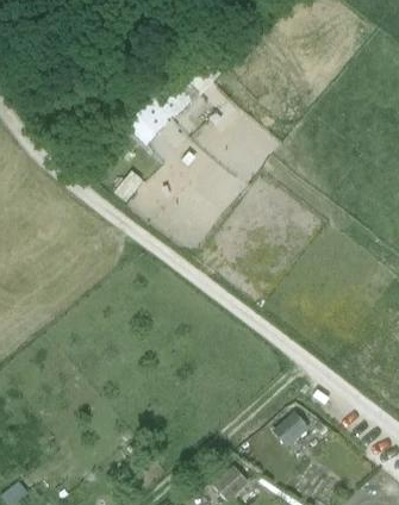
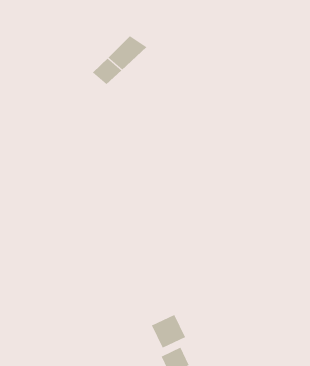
building: [273,411,311,447] -> none
building: none -> [151,314,186,349]

